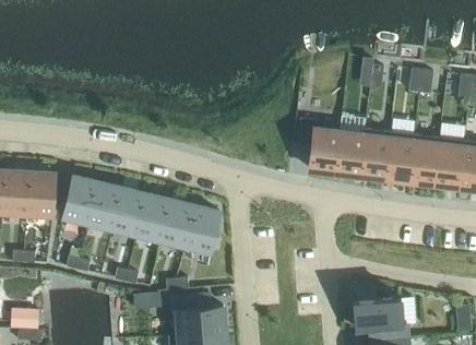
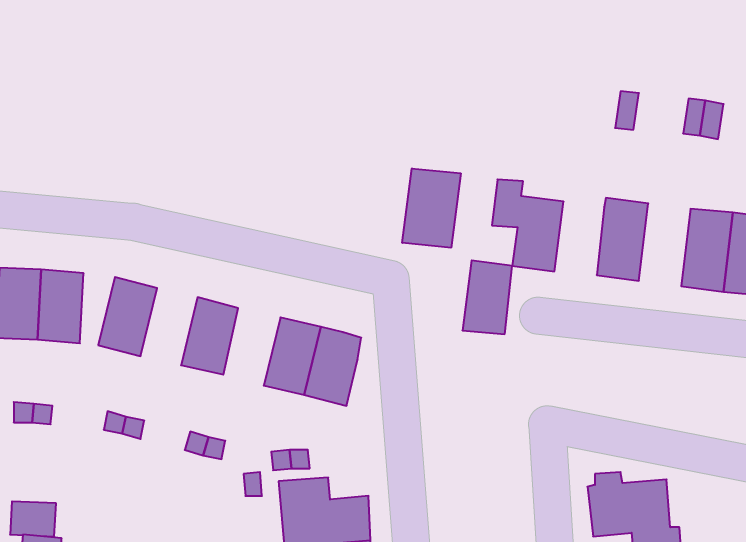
building: none -> [402,168,461,248]
building: [334,131,364,175] -> [462,260,512,334]
building: [384,132,415,181] -> none
building: [88,182,122,228] -> none
building: [138,194,171,240] -> none

